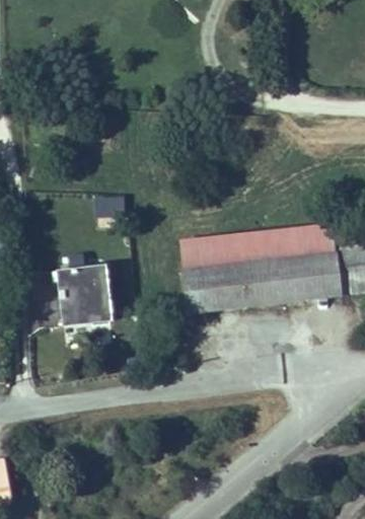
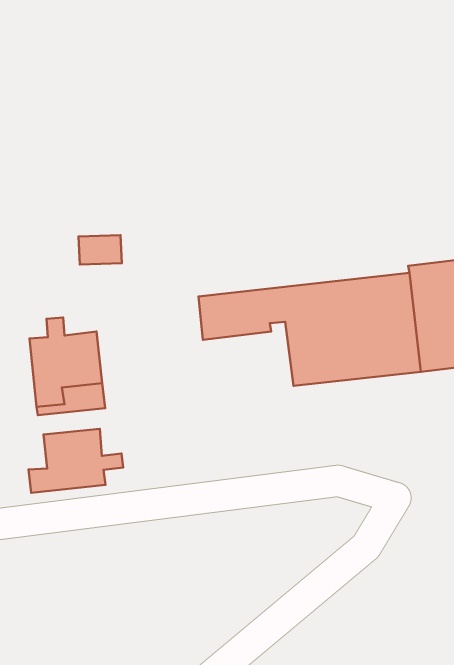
building: [181,257,247,311] -> none
building: none -> [29,429,123,493]

